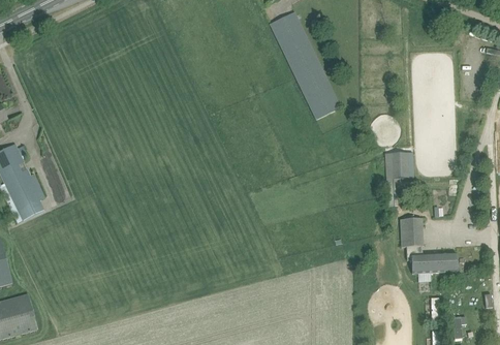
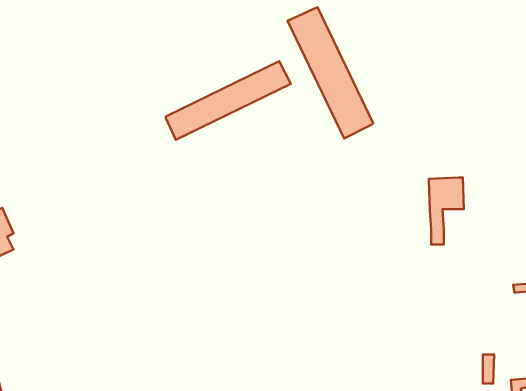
building: none -> [166,61,291,140]
building: [401,218,459,274] -> none

